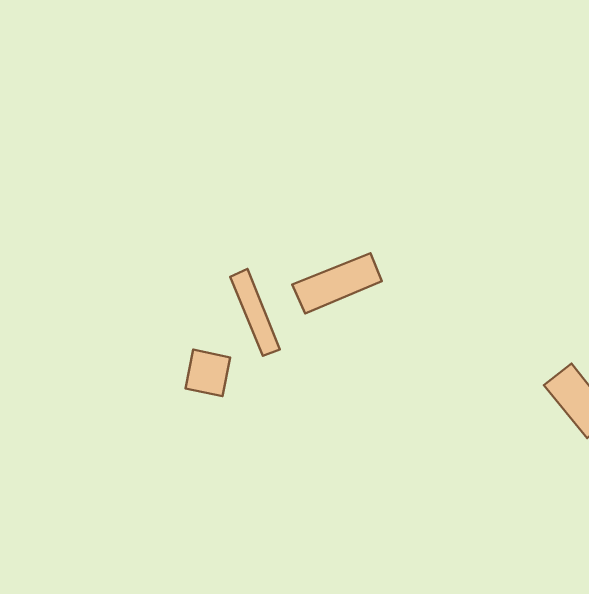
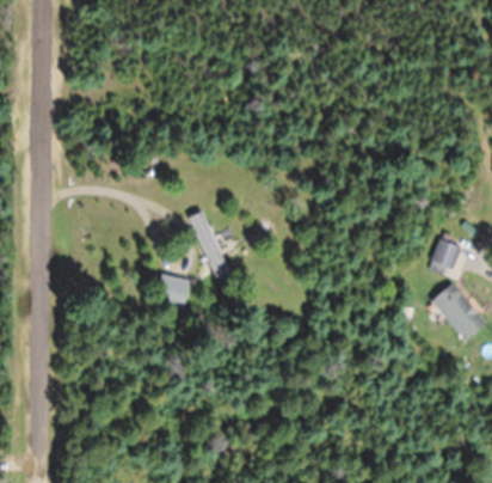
building: [292,253,382,313] -> none
building: none -> [432,240,461,270]

